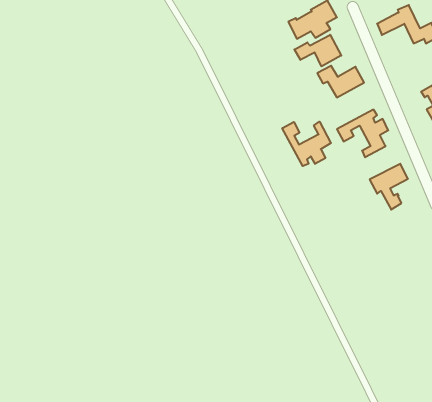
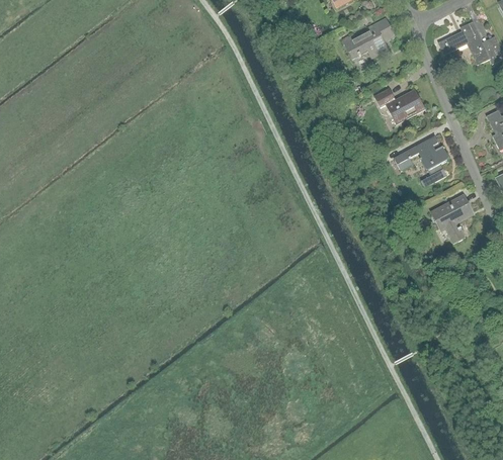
building: [294,35,341,66] -> none
building: [282,122,331,166] -> none

